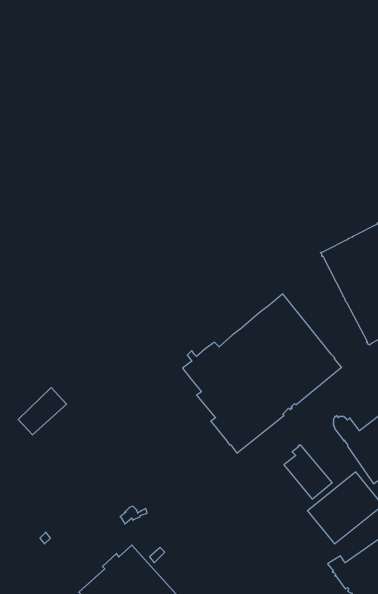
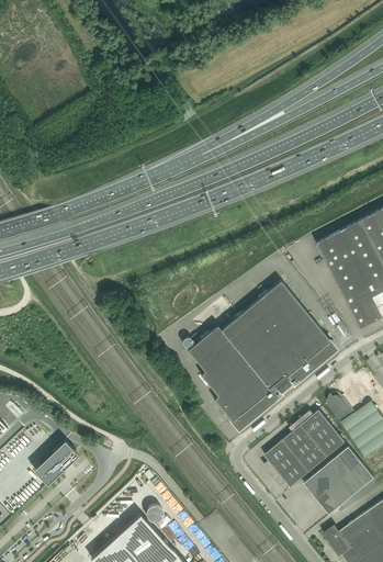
building: [18,388,67,435] -> [34,440,79,484]
building: none -> [297,409,346,457]
building: none -> [263,440,308,487]

